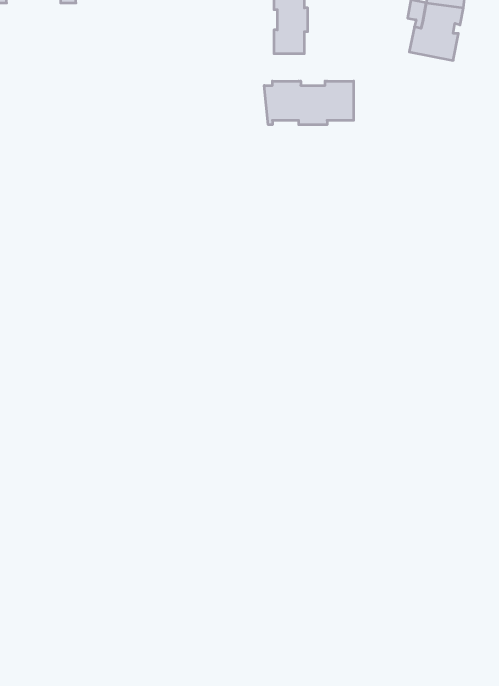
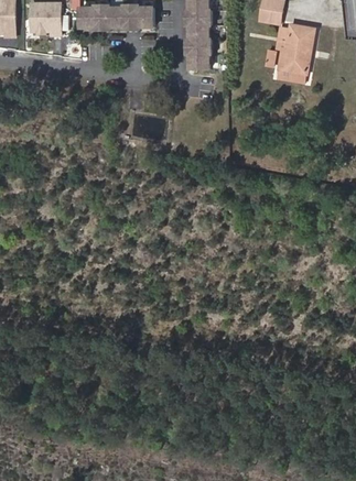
building: [264,81,354,125] -> none

